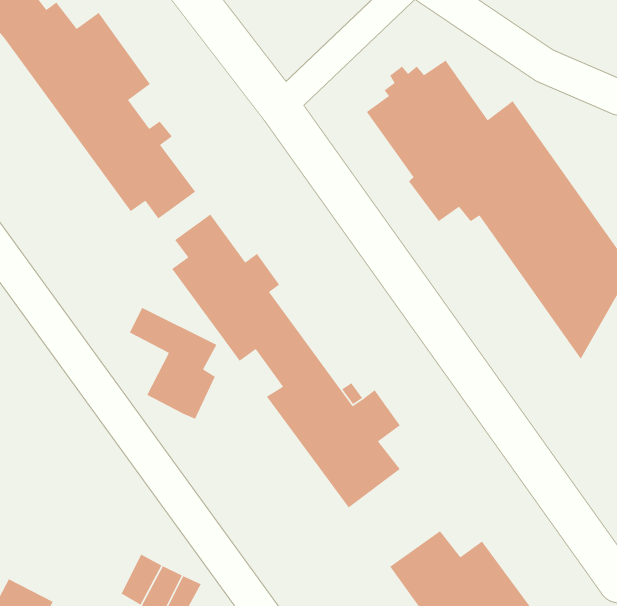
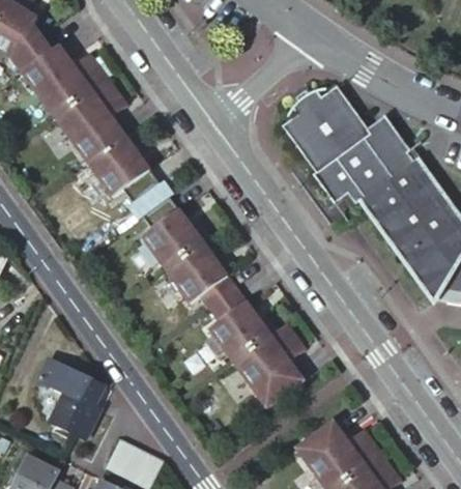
building: [129,307,217,420] -> [38,359,102,440]

